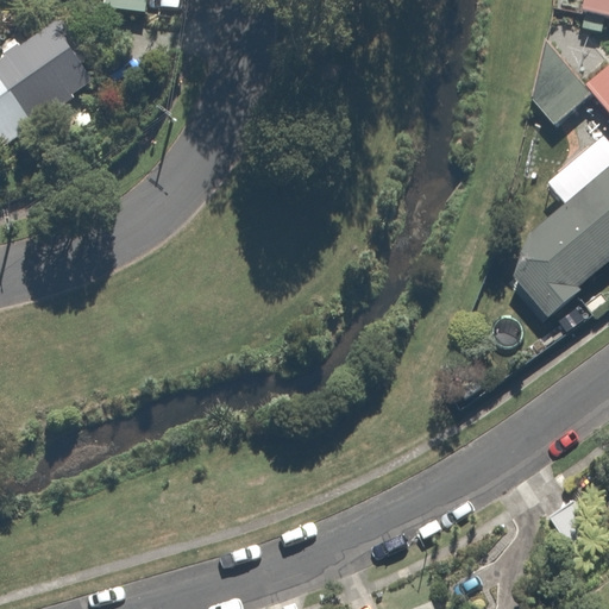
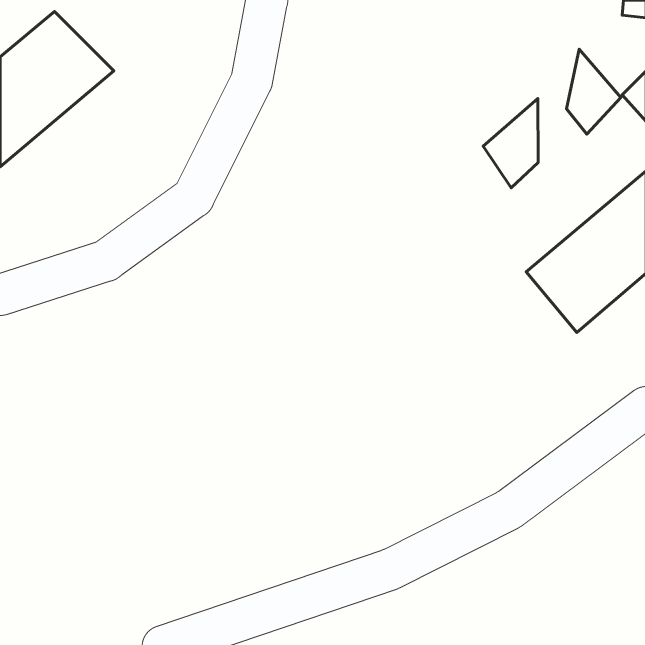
building: none -> [483,98,538,188]

